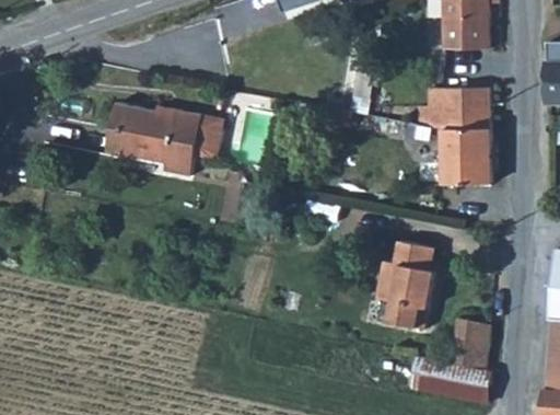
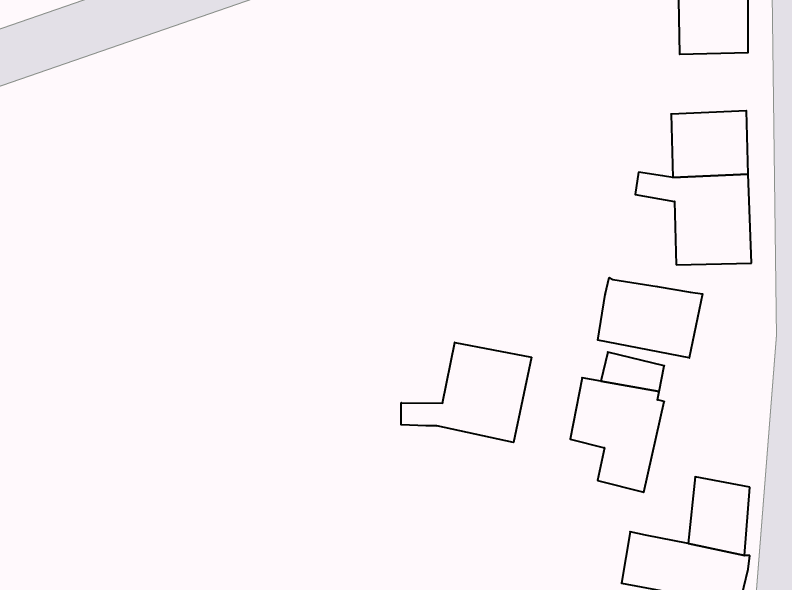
building: [104,104,220,176] -> none
building: none -> [598,278,703,358]
building: none -> [401,342,531,442]

